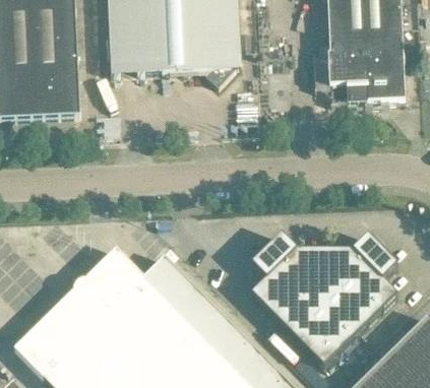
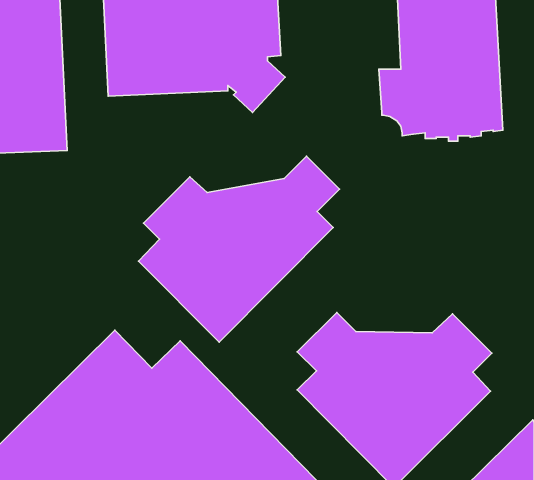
building: none -> [138,156,340,342]

